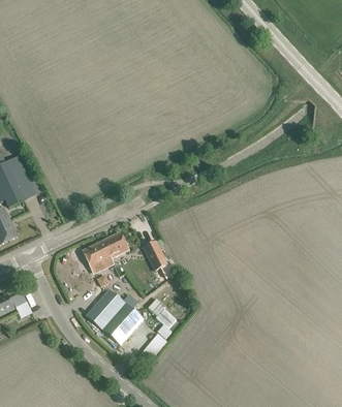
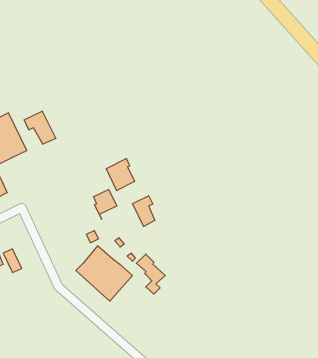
building: none -> [24,111,56,144]
building: [83,241,112,273] -> [106,159,135,190]

